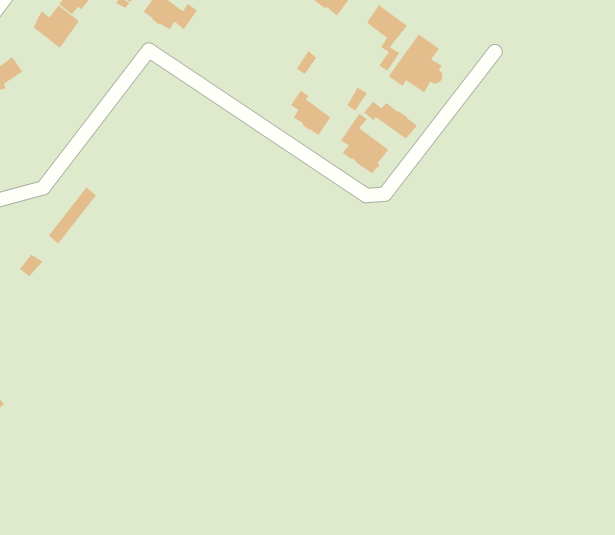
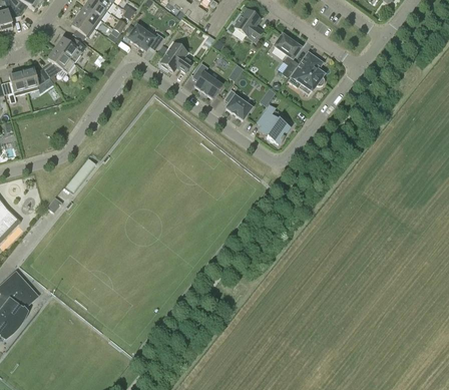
building: none -> [160,41,191,70]
building: none -> [42,47,73,76]
building: none -> [191,61,221,97]
building: [363,101,418,140] -> none

